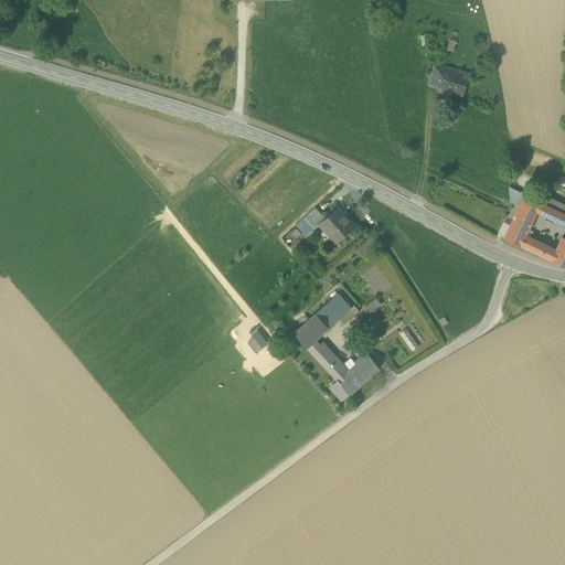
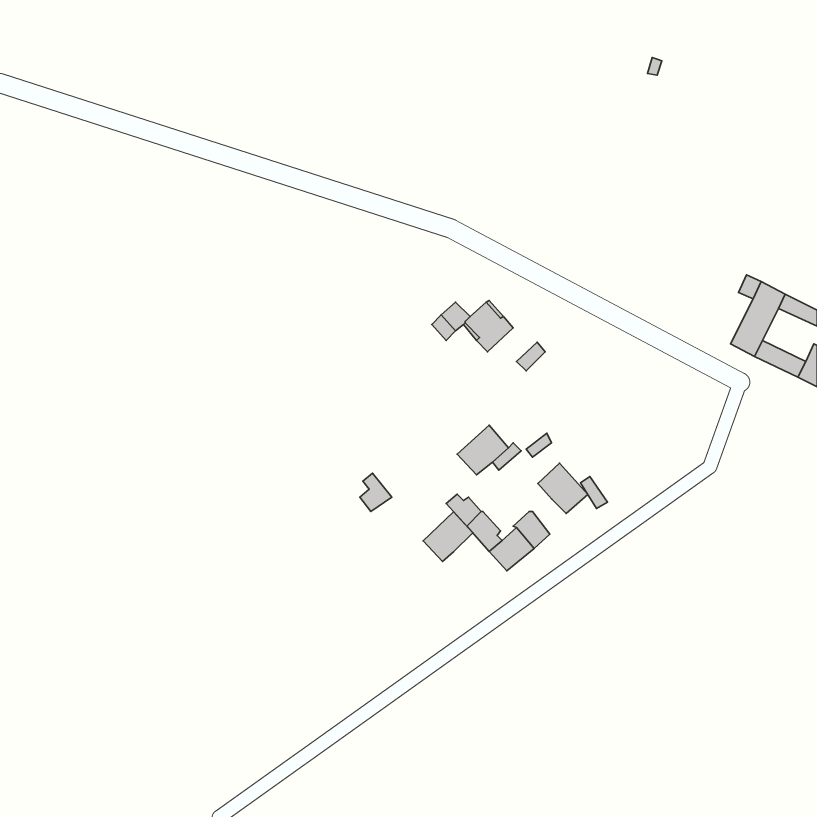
building: [428,63,469,96] -> none
building: [295,313,329,348] -> [423,512,473,562]
building: none -> [538,463,588,513]

